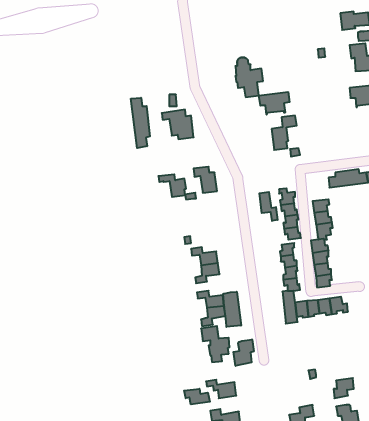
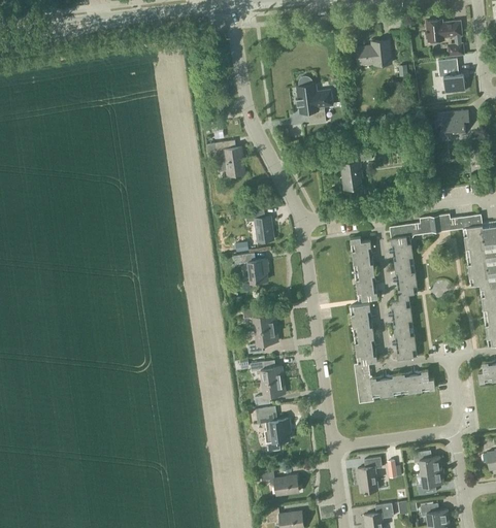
building: none -> [357,40,391,65]
building: [259,92,290,115] -> none
building: [131,98,150,148] -> none
building: [158,174,186,197] -> [234,255,268,283]
building: none -> [389,224,412,253]
building: [259,192,278,221] -> none
building: [223,292,241,327] -> none
building: [233,339,254,366] -> none
building: none -> [414,451,441,473]
building: none -> [357,458,382,493]
building: [184,389,210,404] -> none

